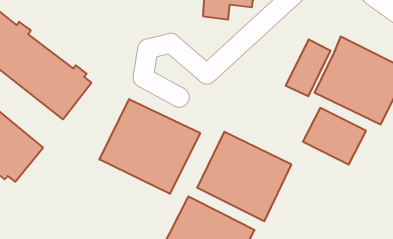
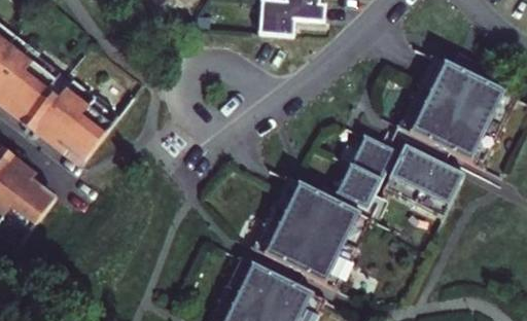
building: [286,39,331,96] -> [338,135,394,206]
building: [99,99,200,194] -> none

